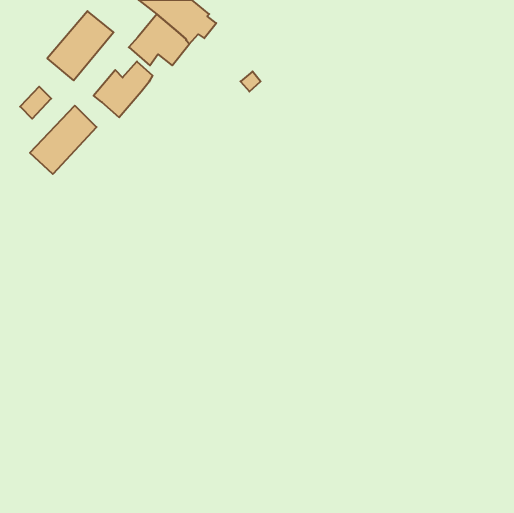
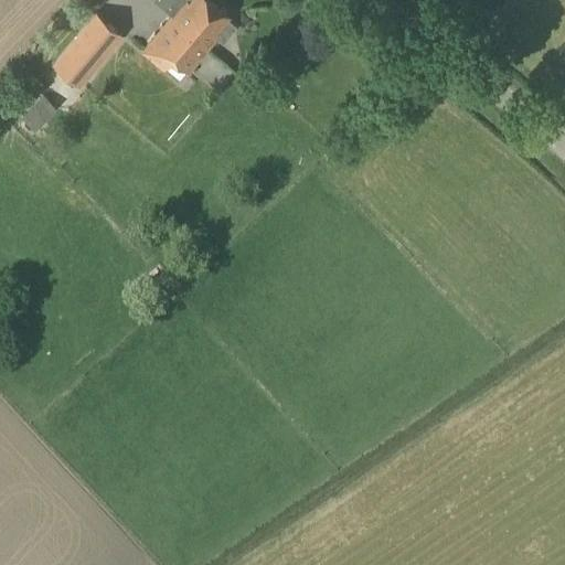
building: [94,61,153,117] -> none
building: [30,106,97,174] -> none

